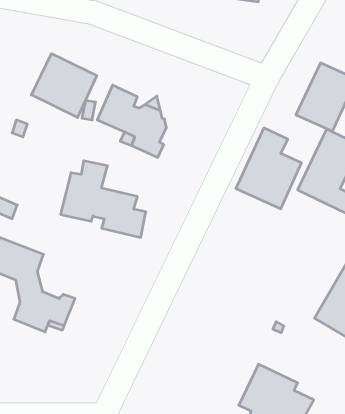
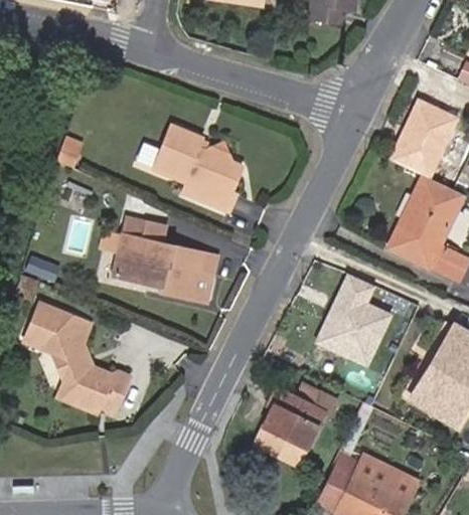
building: [31,54,97,118] -> none
building: [236,128,301,209] -> [314,272,392,367]
building: none -> [257,385,336,464]

